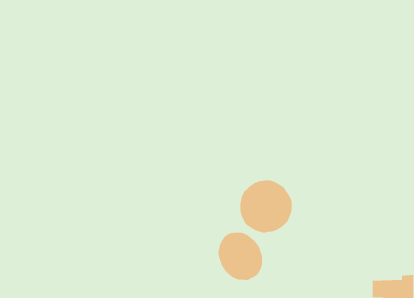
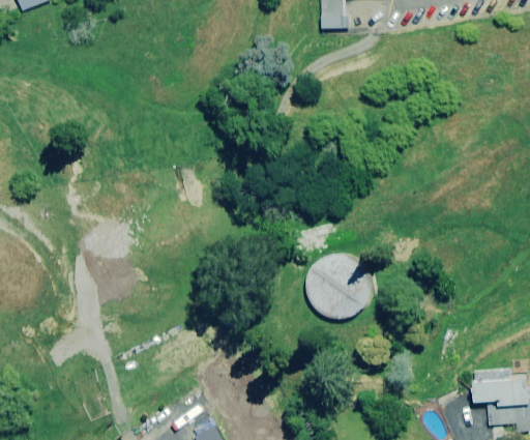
building: [218,232,263,281] -> none

